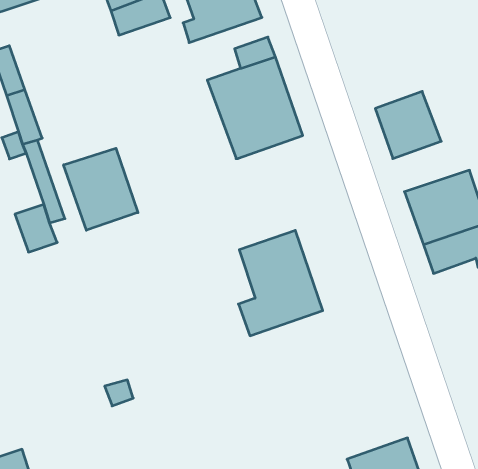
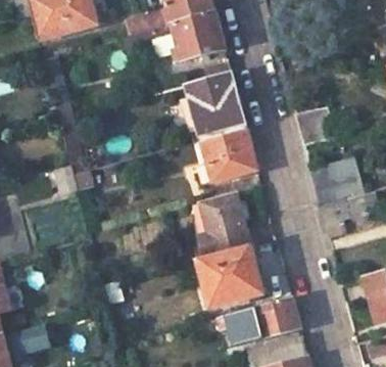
building: none -> [201,128,256,181]
building: [64,148,138,230] -> none
building: none -> [199,244,263,307]
building: none -> [233,296,299,342]

